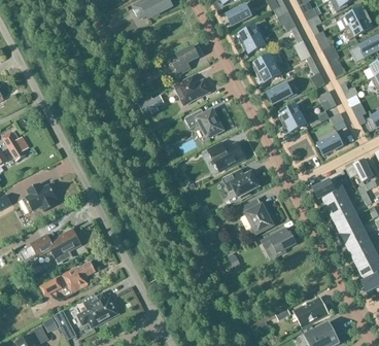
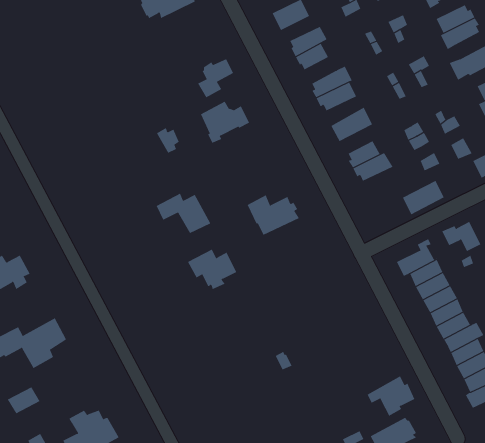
building: [183,108,222,137] -> [156,193,211,234]
building: [222,169,257,198] -> [187,249,237,290]
building: [239,197,272,233] -> none
building: [261,227,295,255] -> [367,376,415,417]
building: [61,261,95,291] -> none

